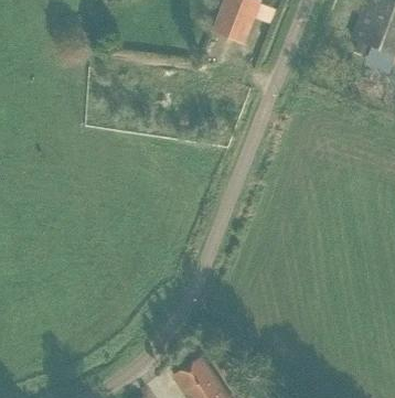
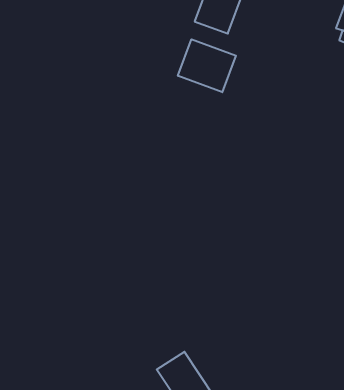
building: none -> [178,39,236,92]

